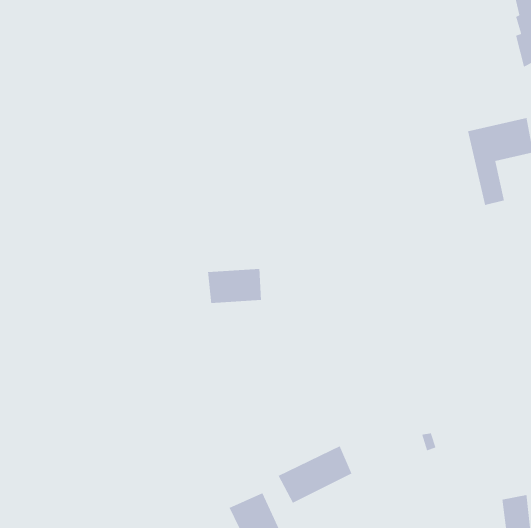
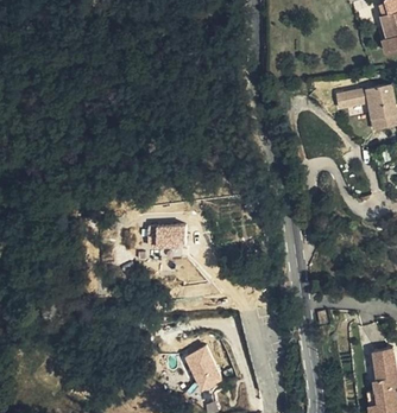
building: [207,268,262,304] -> [147,223,185,248]
building: [277,445,352,504] -> none

